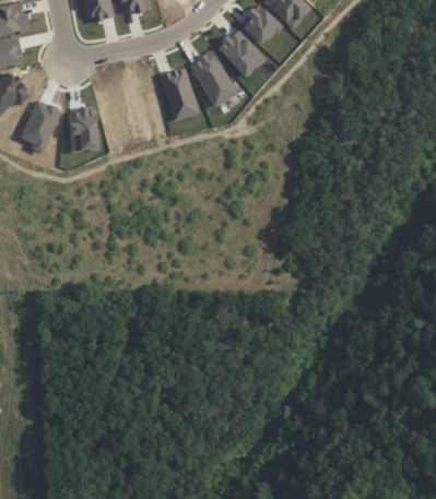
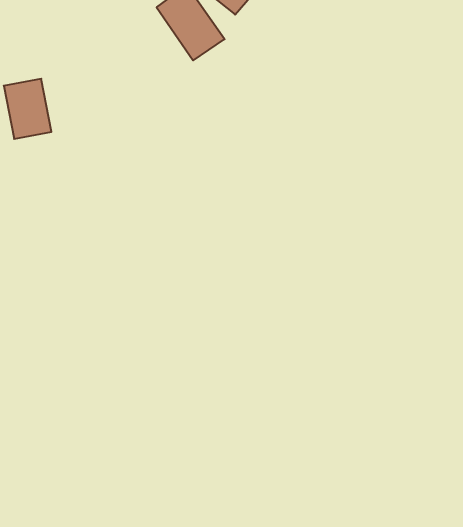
building: [158,68,198,121] -> none

